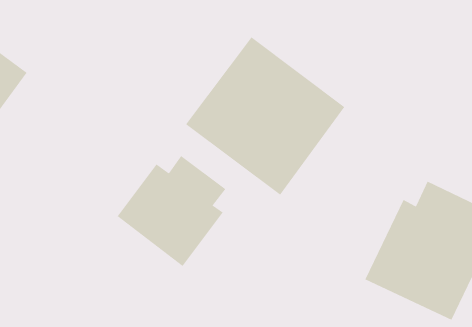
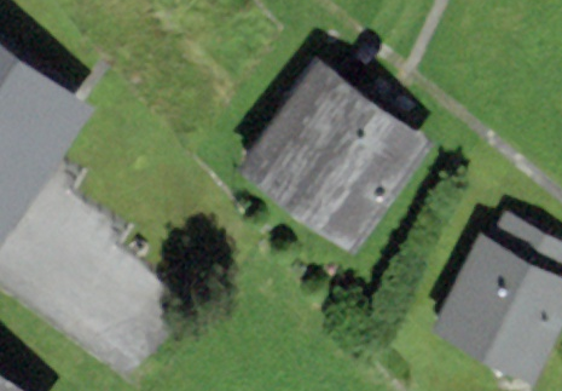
building: [117,155,226,267] -> none

